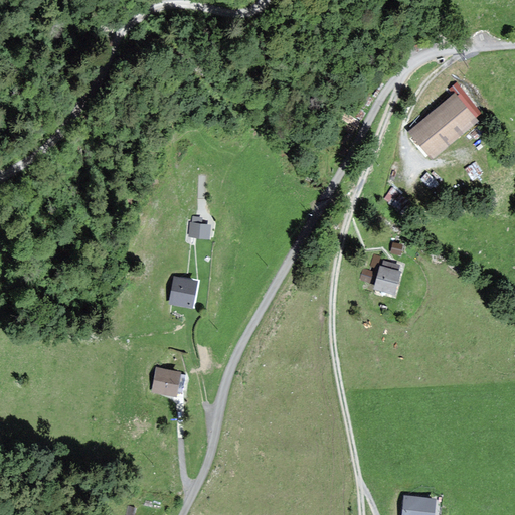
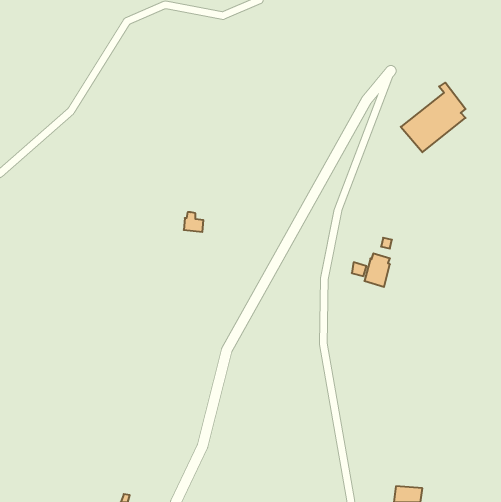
building: [169,277,196,306] -> none
building: [152,368,179,394] -> none

